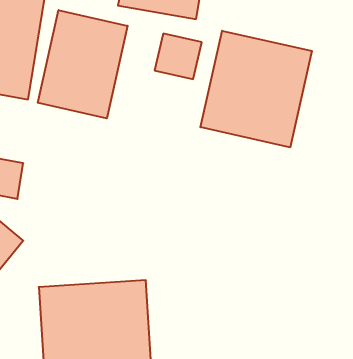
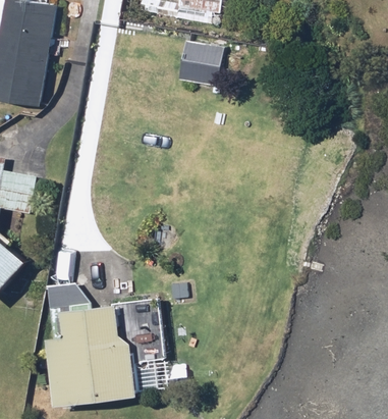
building: [38,10,128,118] -> none
building: [200,31,312,147] -> none

